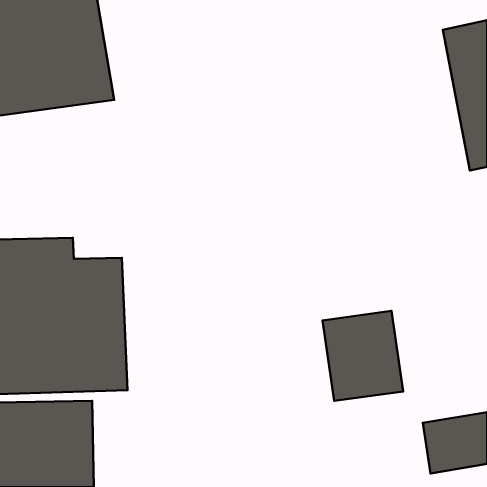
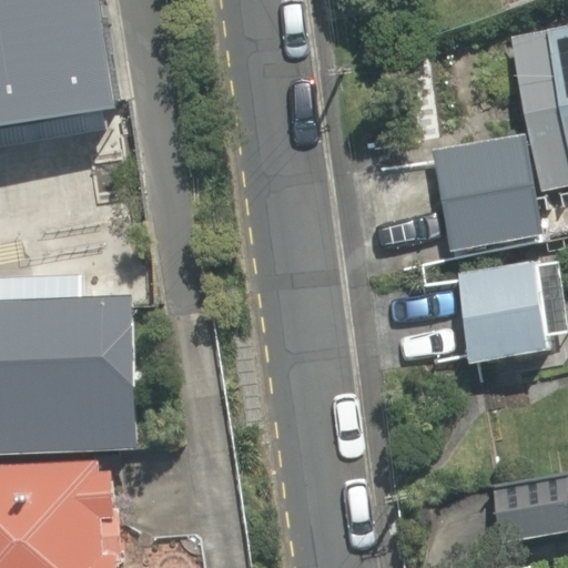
building: none -> [435,135,539,250]
building: [323,311,403,401] -> [456,261,549,365]

